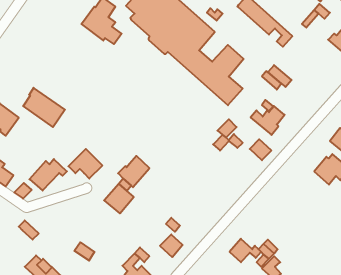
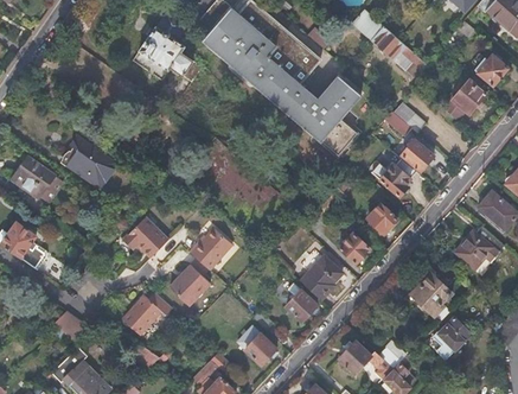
building: none -> [441,80,486,123]
building: none -> [398,138,433,171]
building: [29,159,67,191] -> [120,290,171,332]
building: none -> [339,231,371,262]
building: none -> [302,250,345,299]
building: none -> [411,271,452,313]
building: none -> [287,284,318,320]
building: none -> [431,316,471,358]

